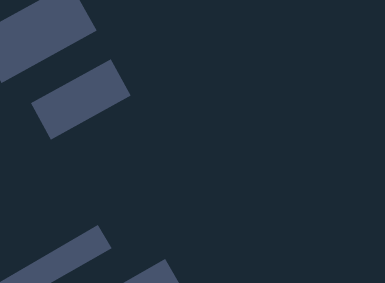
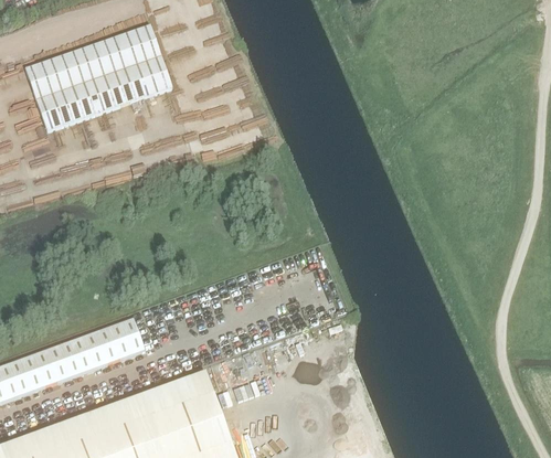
building: [30,58,132,141] -> none

